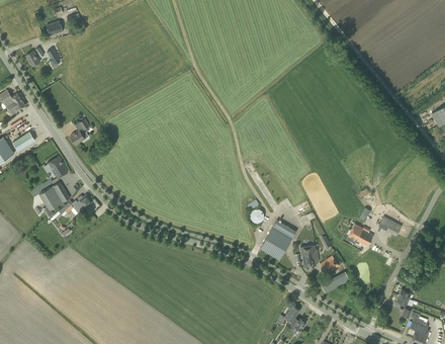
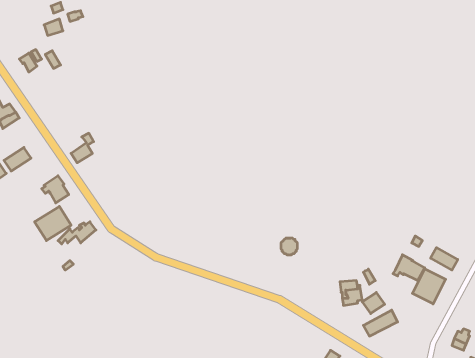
building: [260,220,296,260] -> none
building: none -> [412,269,446,304]

